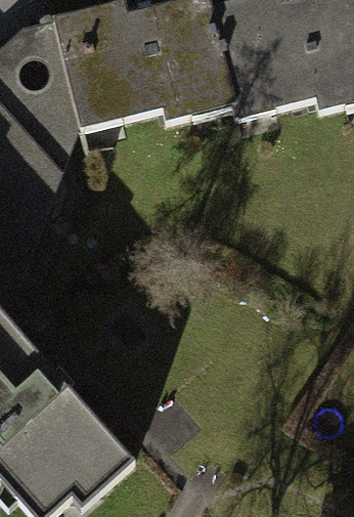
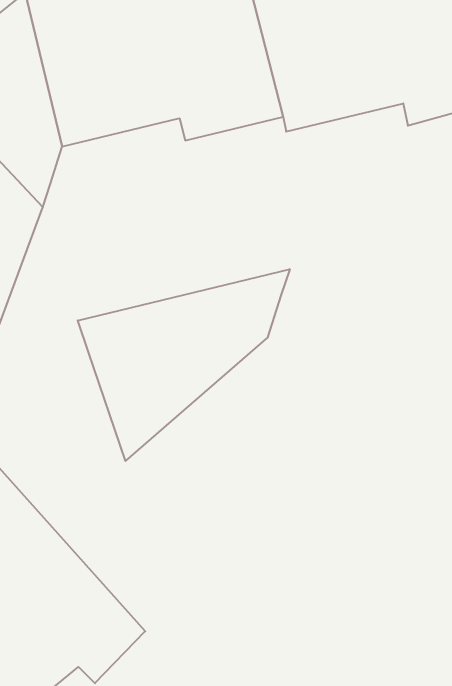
building: none -> [78,269,290,461]

